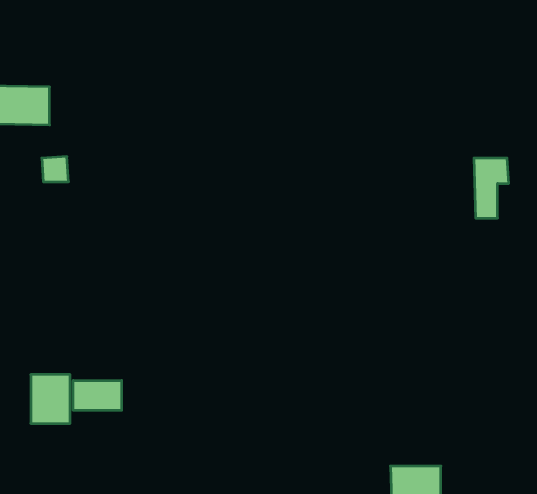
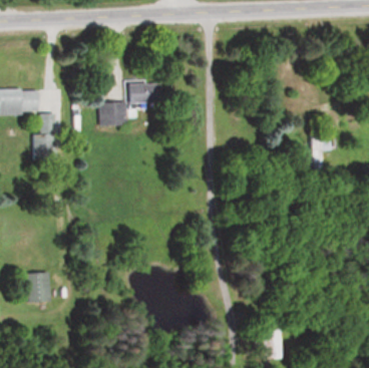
building: none -> [98,81,161,126]
building: [73,380,122,410] -> none

